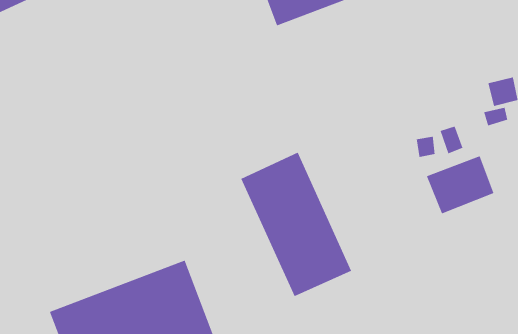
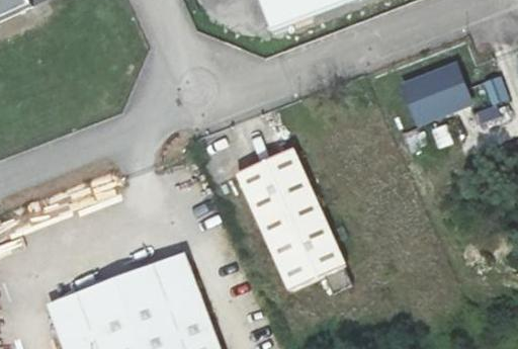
building: [426,155,495,214] -> [404,66,470,123]

